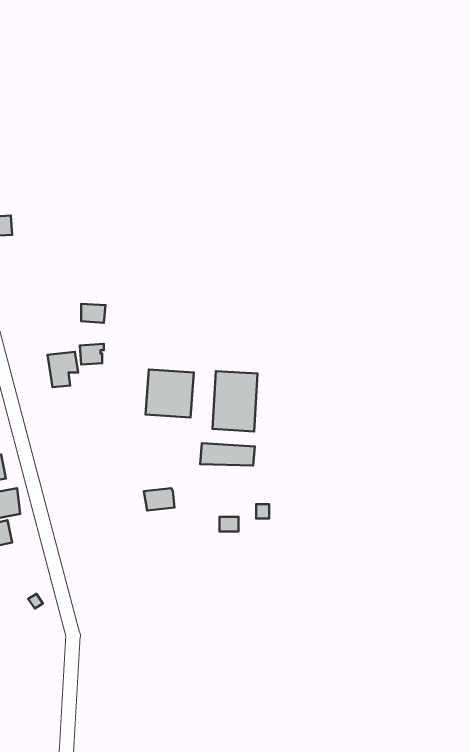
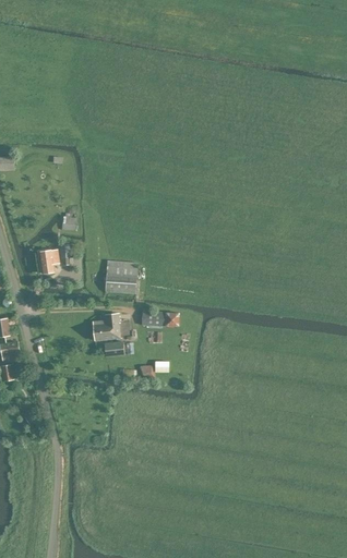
building: [212,371,258,431] -> none
building: none -> [93,313,120,340]

